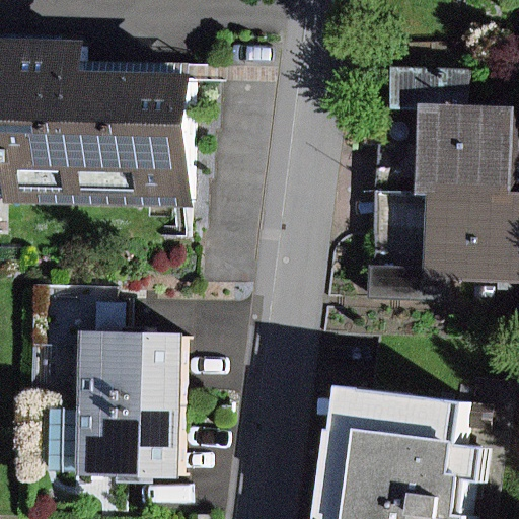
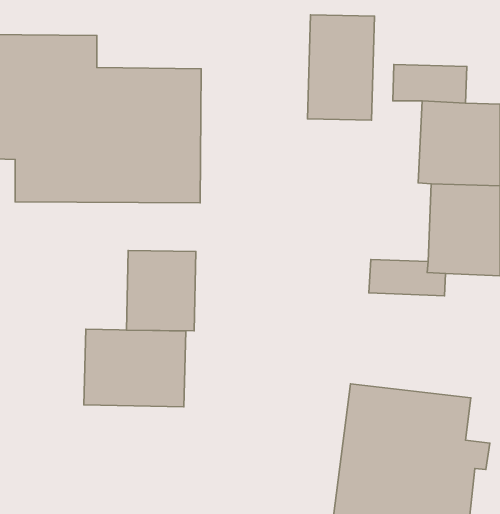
building: none -> [308,15,374,120]
building: none -> [127,250,196,331]
building: [57,409,184,475] -> none

